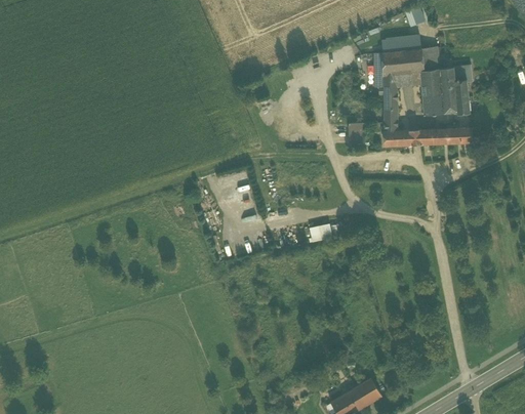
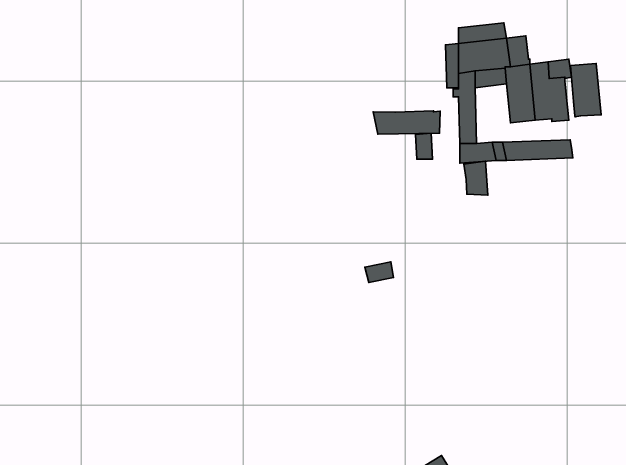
building: none -> [570,63,601,117]
building: none -> [373,111,440,134]
building: none -> [464,161,488,195]

